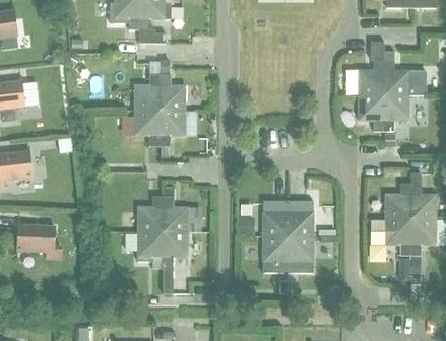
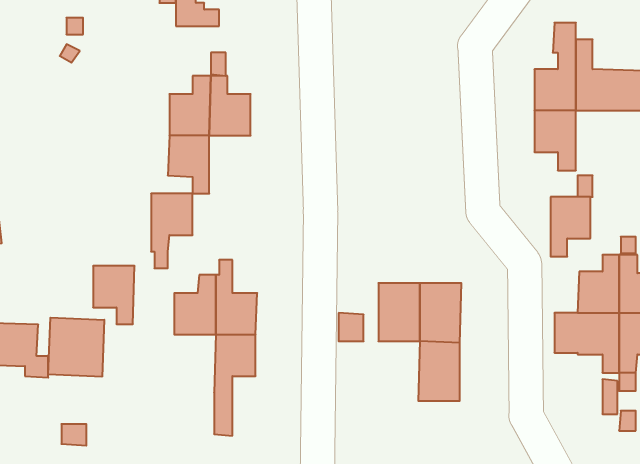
building: [384,94,408,131] -> [551,197,590,257]
building: [160,110,185,155] -> [151,194,193,268]
building: none -> [48,318,104,377]
building: [138,231,164,267] -> [93,266,135,324]
building: [263,235,289,272] -> none

